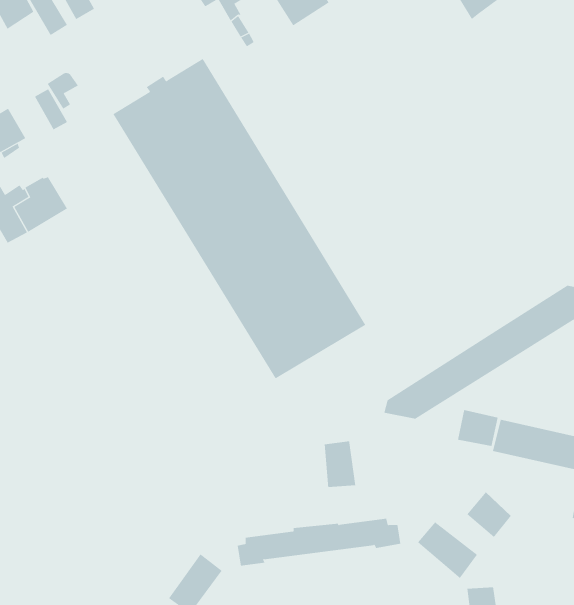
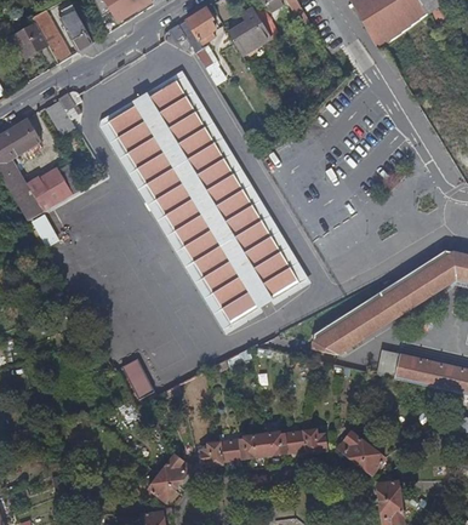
building: none -> [121,356,153,396]
building: [324,440,356,488] -> none
building: [466,492,511,538] -> none

